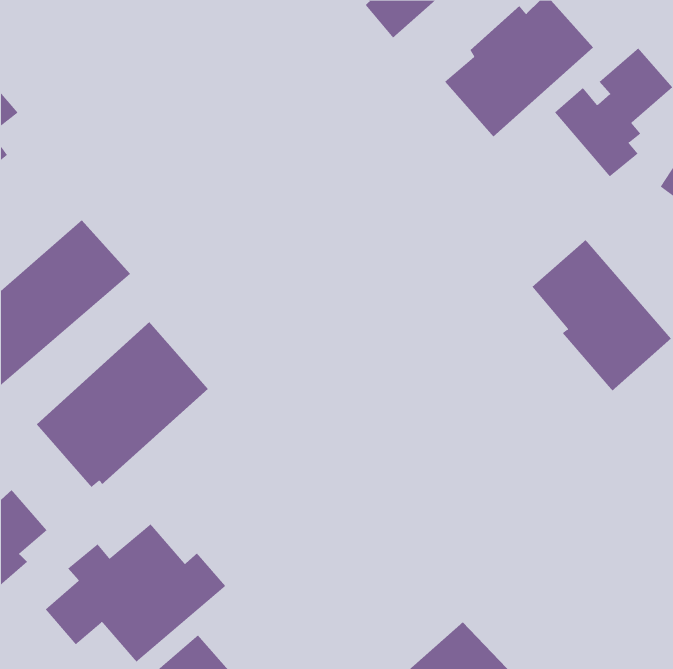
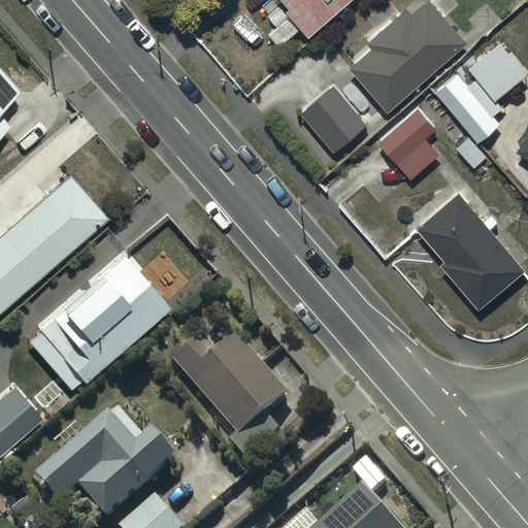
building: none -> [300,86,367,154]
building: none -> [377,106,439,180]
building: none -> [175,332,290,463]

